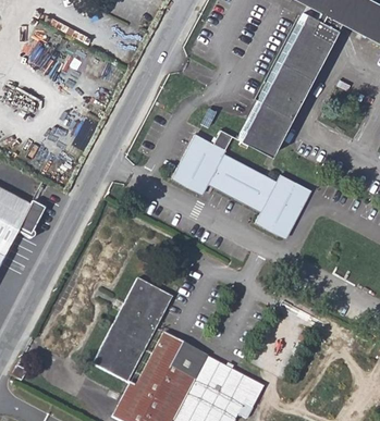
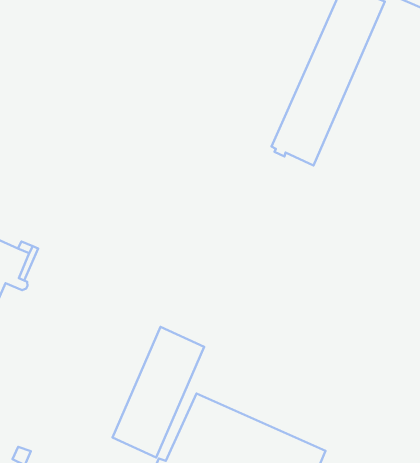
building: [170,127,312,236] -> none

